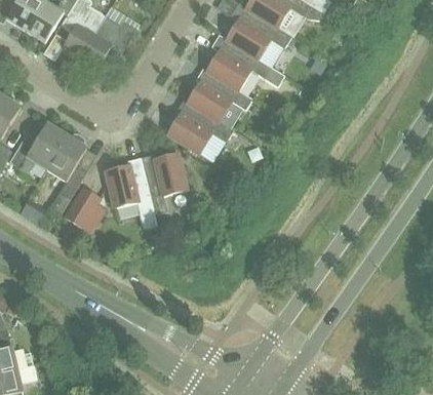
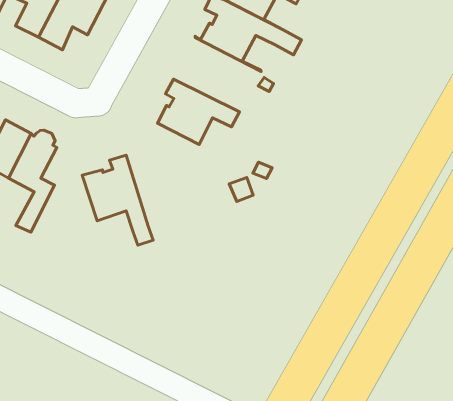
building: [182,68,251,129] -> none
building: [140,153,186,214] -> none
building: [63,186,101,228] -> none

